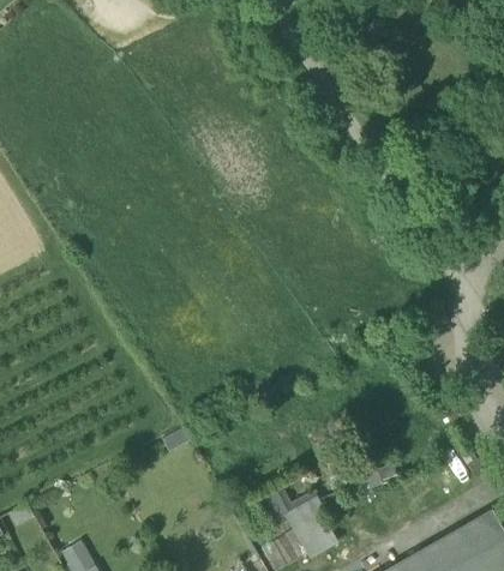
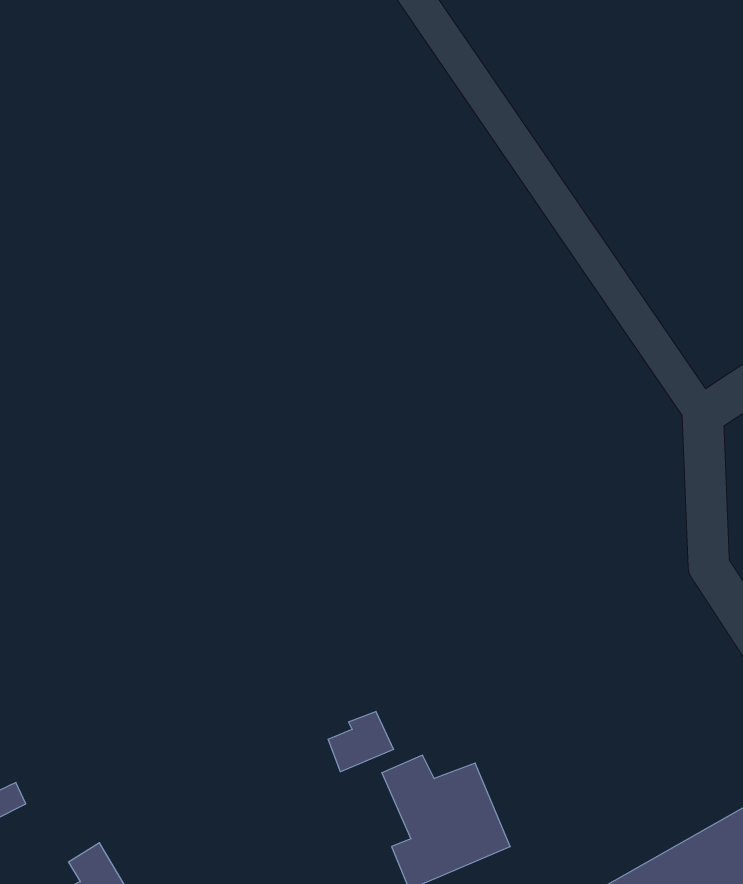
building: none -> [328,711,394,772]

